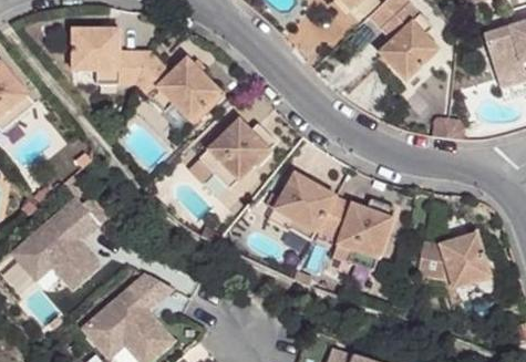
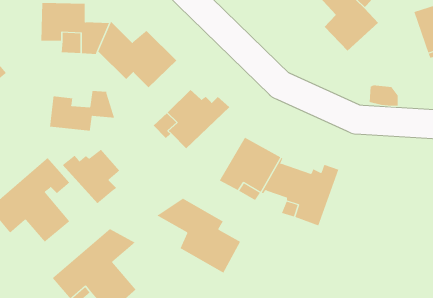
building: none -> [50,90,115,131]
building: none -> [62,149,120,204]
building: [417,231,491,288] -> none
building: none -> [156,198,241,273]

